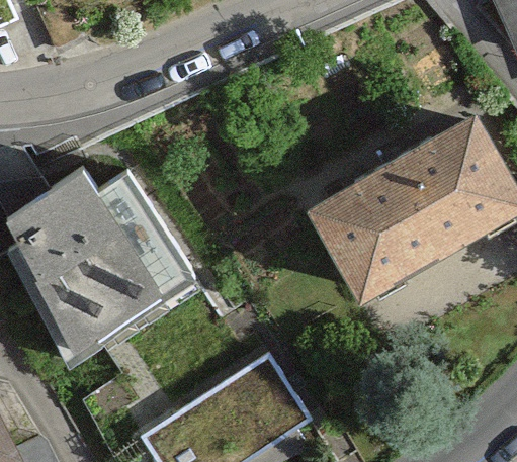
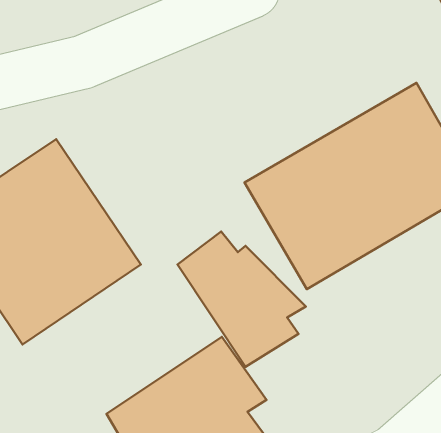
building: none -> [177,232,306,367]

